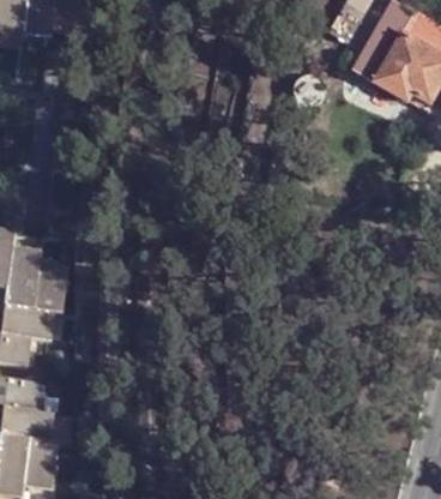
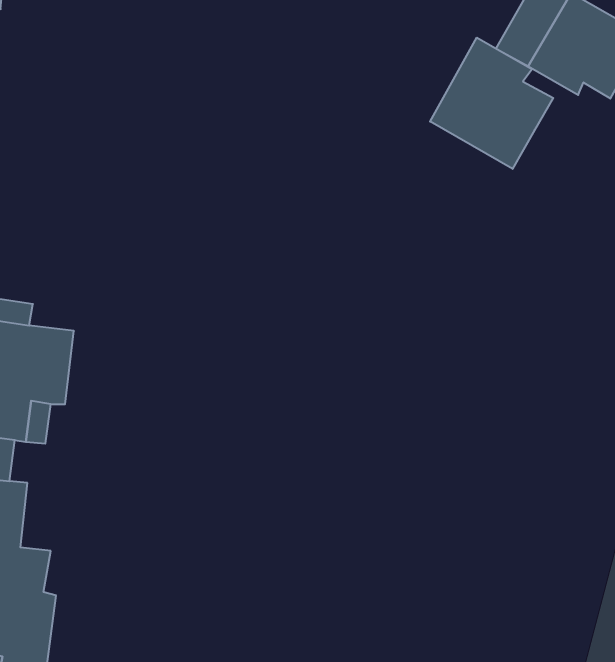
building: none -> [430,38,553,169]

